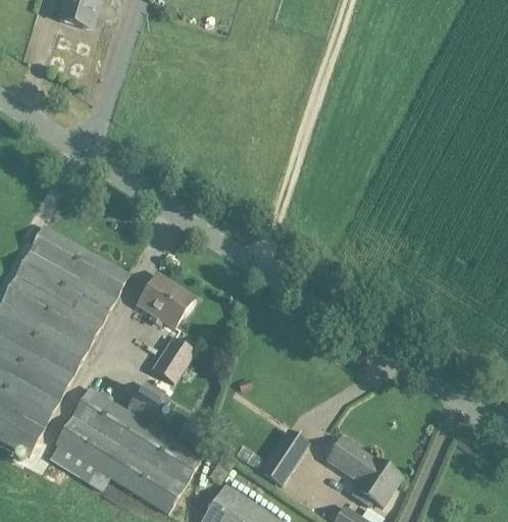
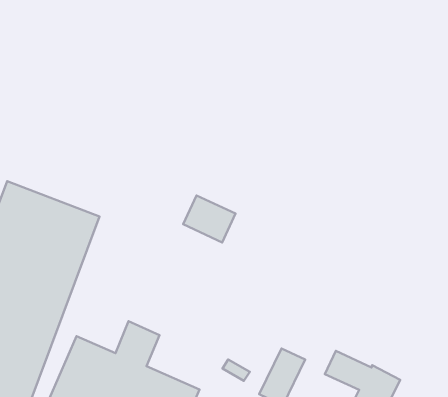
building: [138,275,191,325] -> [183,195,235,242]
building: [152,336,196,384] -> none

